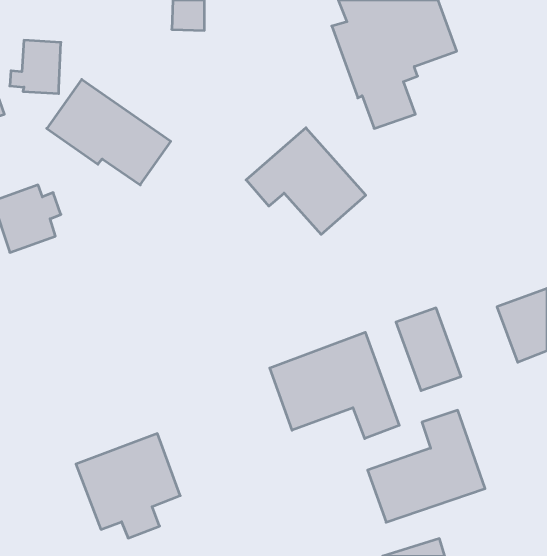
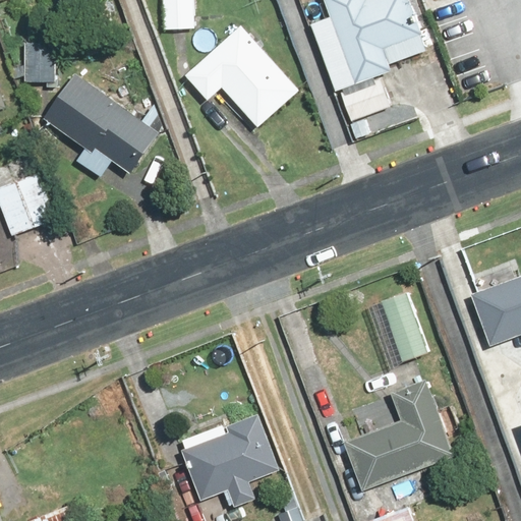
building: [246,128,366,234] -> [186,26,298,126]
building: [270,332,399,439] -> none
building: [76,434,180,538] -> [180,411,278,509]

